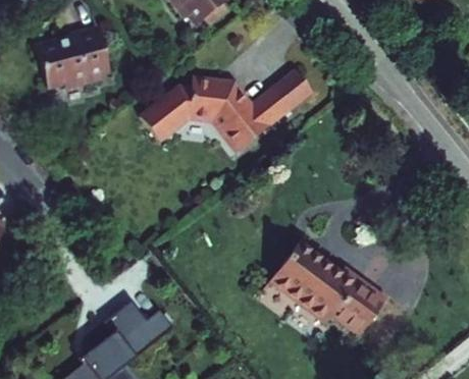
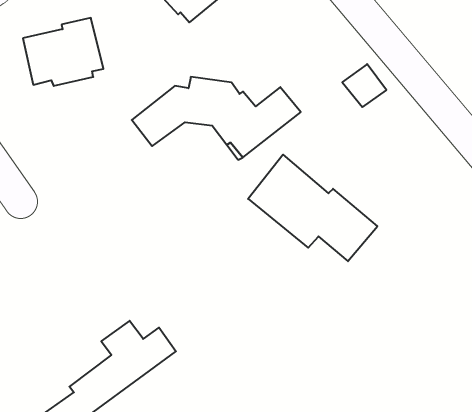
building: [273,69,313,108] -> [342,64,386,107]
building: [267,246,383,341] -> [248,155,377,261]

